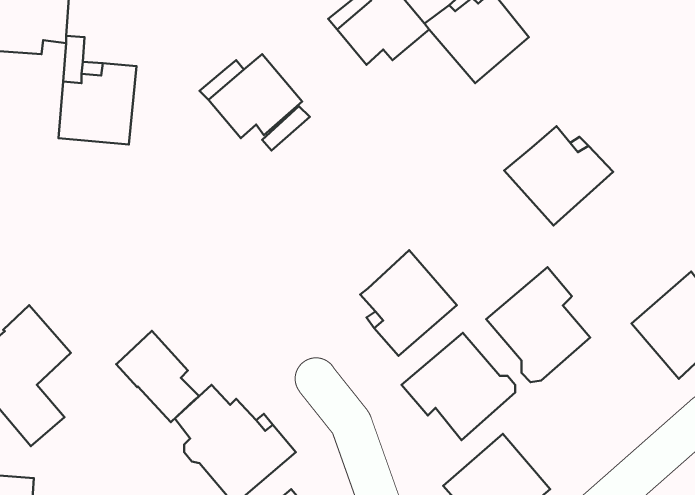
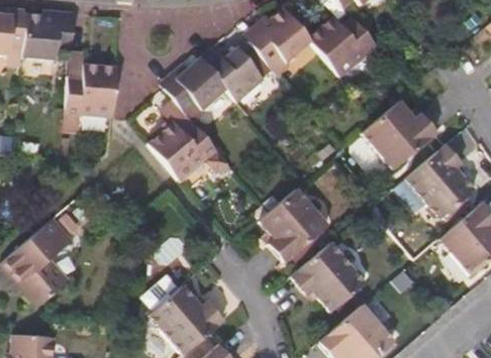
building: none -> [201,47,265,102]
building: none -> [149,100,229,181]
building: [486,267,590,382] -> [406,143,475,219]
building: [116,331,199,422] -> none

